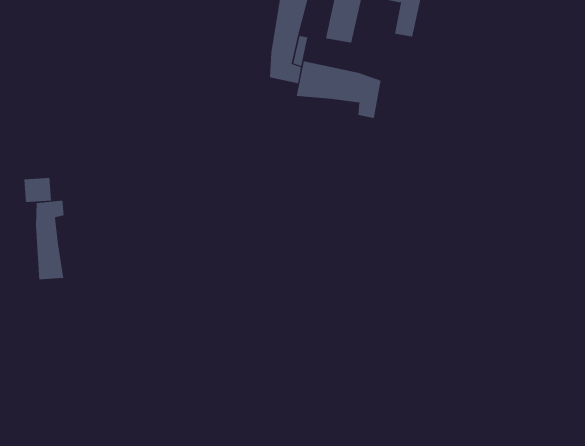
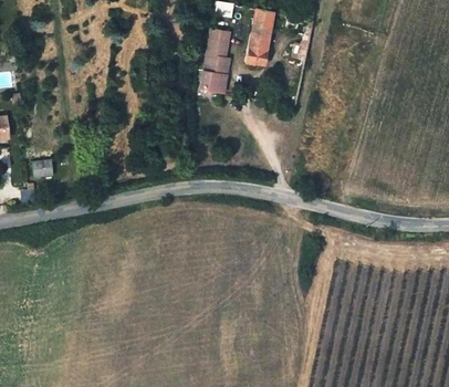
building: [296,60,381,119] -> none
building: [35,200,64,280] -> none

